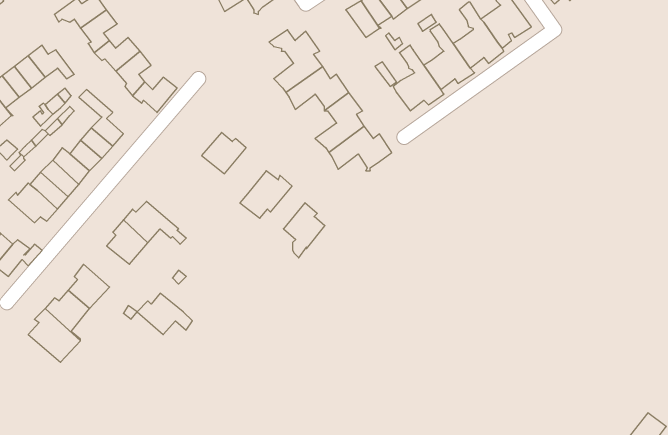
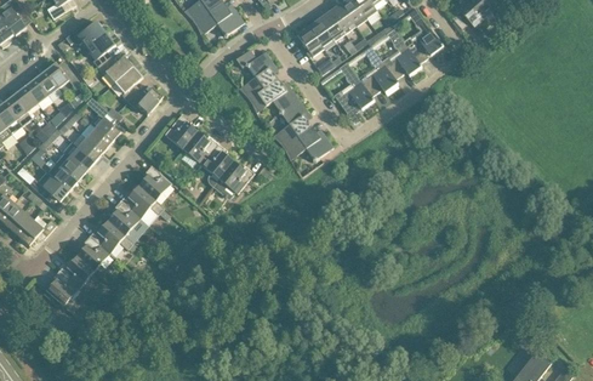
building: none -> [164,113,198,148]
building: none -> [138,164,171,199]
building: [283,203,325,258] -> [200,142,233,186]
building: [137,293,192,335] -> [89,220,132,252]

